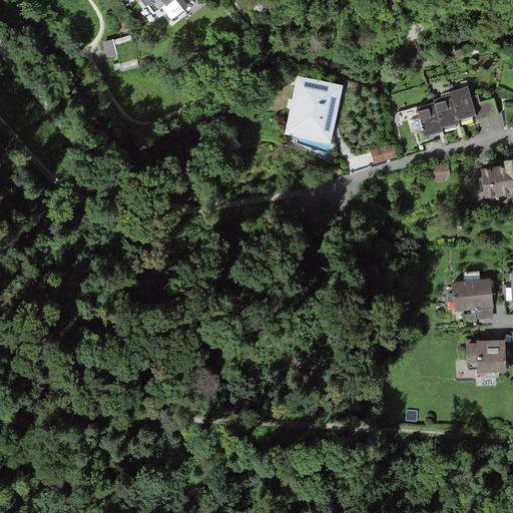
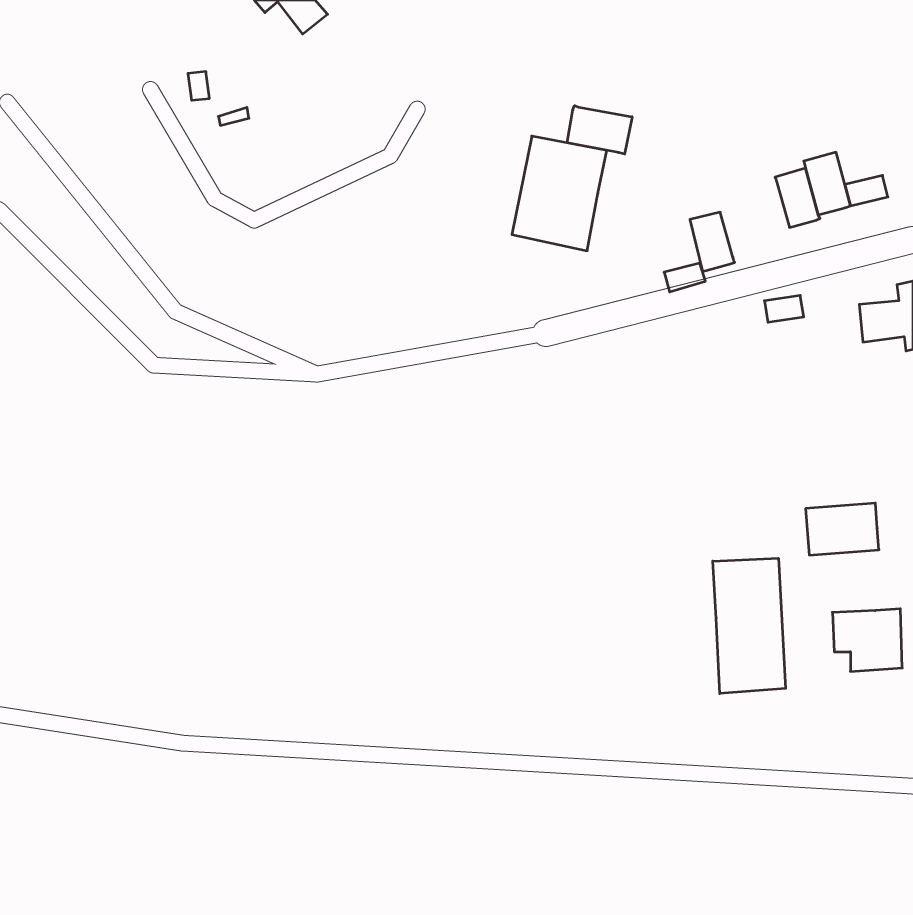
building: none -> [567,106,632,154]
building: [418,102,443,135] -> [690,212,735,271]
building: none -> [713,558,786,694]

